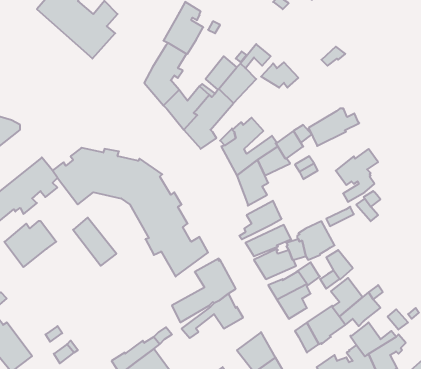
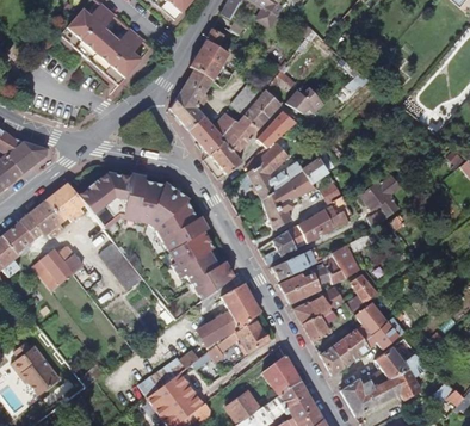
building: none -> [258,110,296,147]
building: [309,109,359,146] -> [298,205,348,242]

